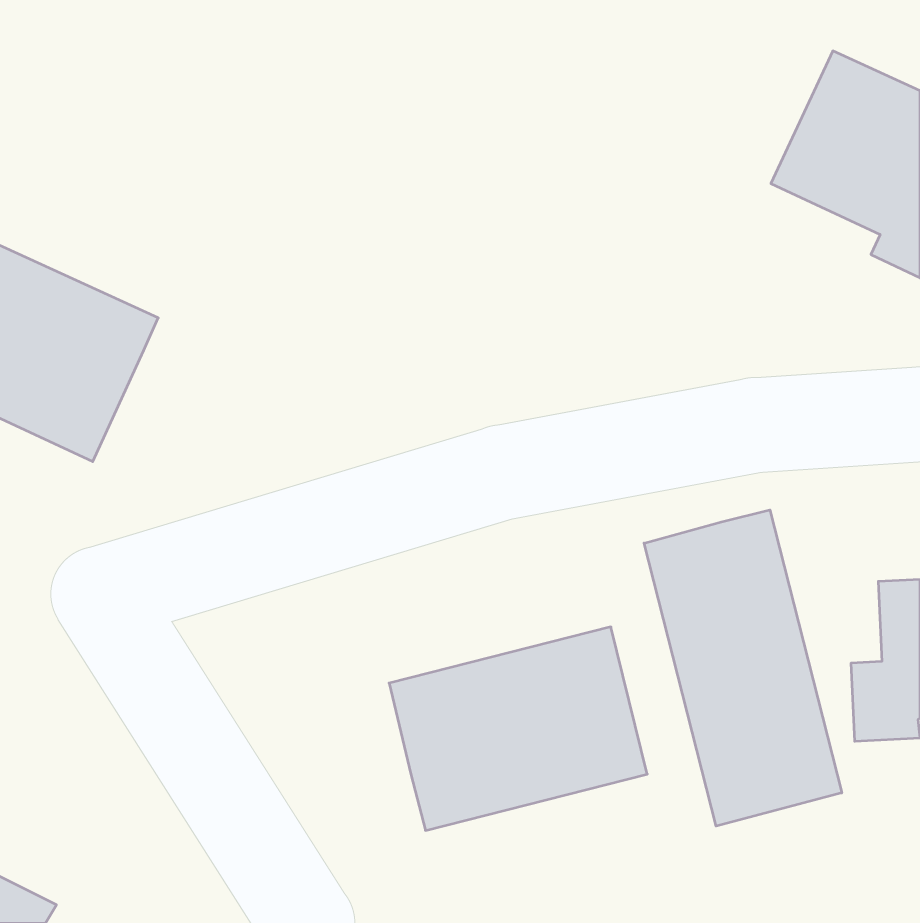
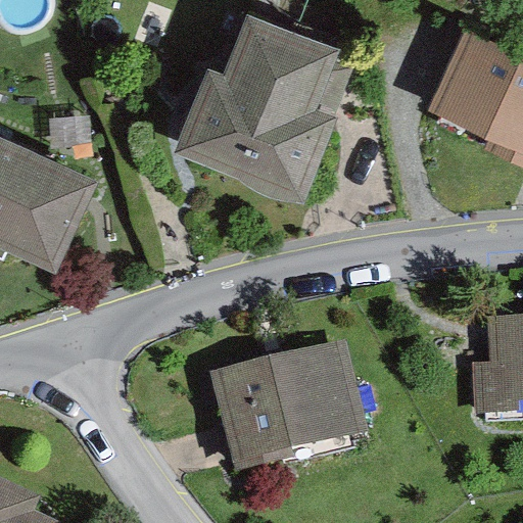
building: none -> [185,16,331,188]
building: [644,510,842,826] -> none

